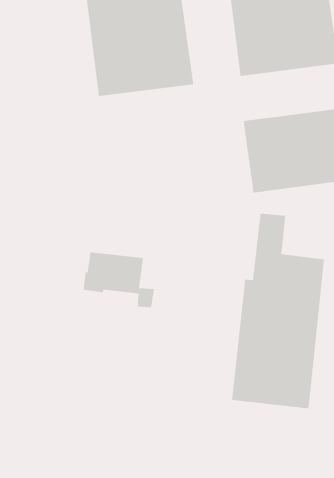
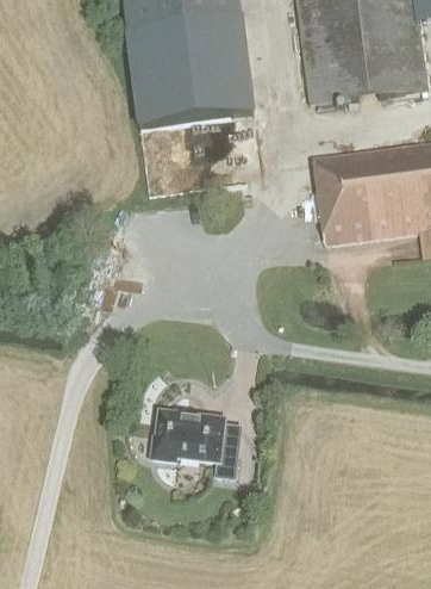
building: [231,213,325,409] -> none
building: [83,252,155,308] -> [151,413,237,479]

